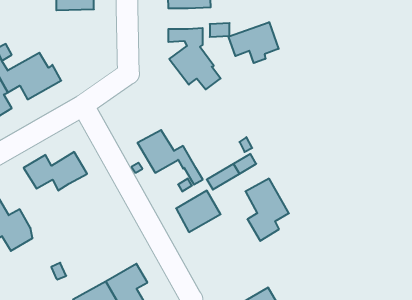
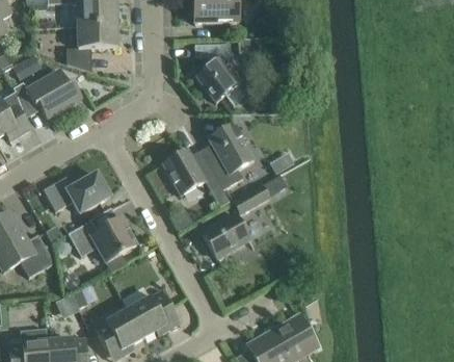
building: none -> [65,23,117,72]
building: [228,22,279,63] -> none
building: [245,179,289,241] -> [208,124,253,189]
building: none -> [69,217,136,261]

